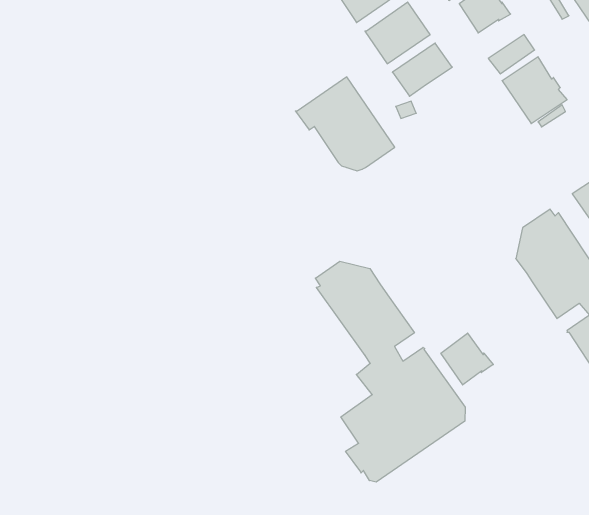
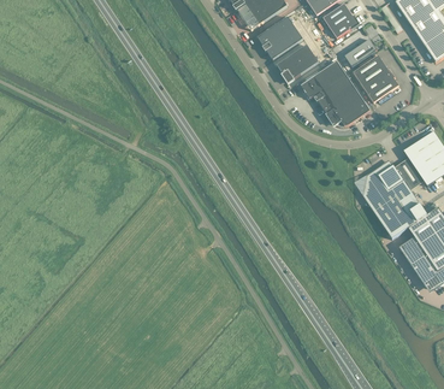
building: [295,77,395,171] -> [300,59,369,125]
building: [315,261,465,482] -> none
building: [441,333,493,385] -> none

